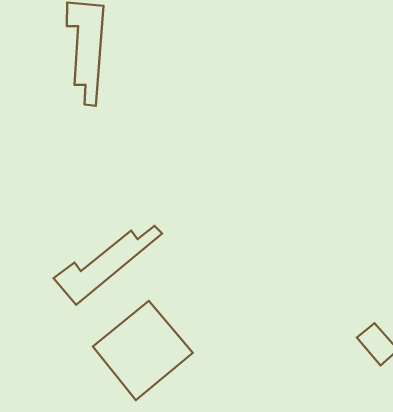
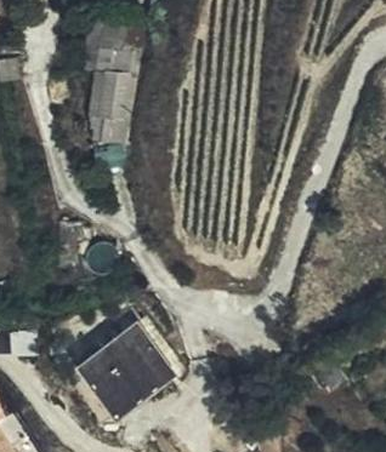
building: [54,226,162,305] -> none

